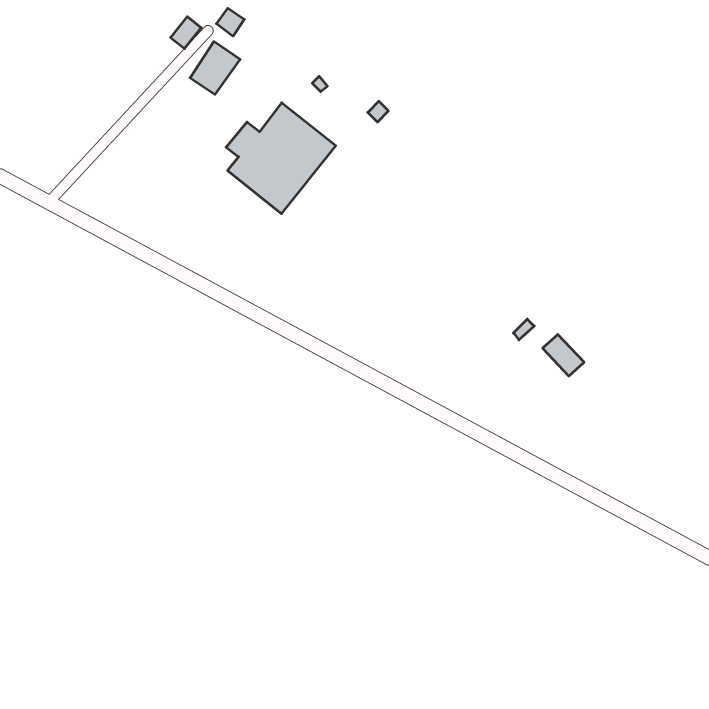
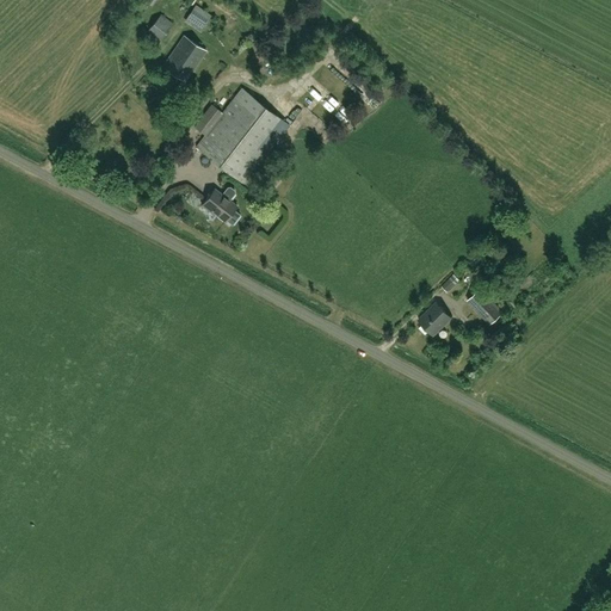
building: none -> [200,187,239,224]
building: none -> [419,302,451,335]

